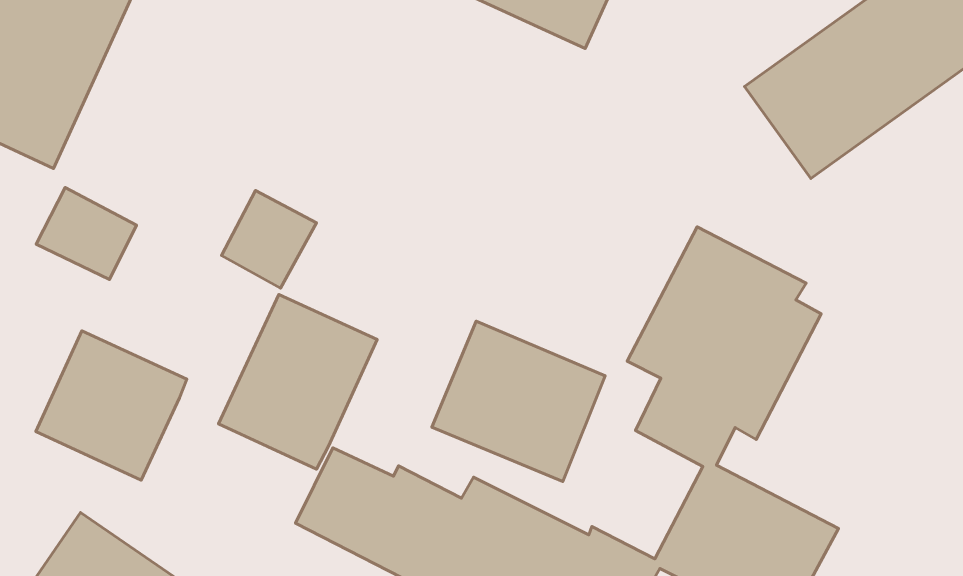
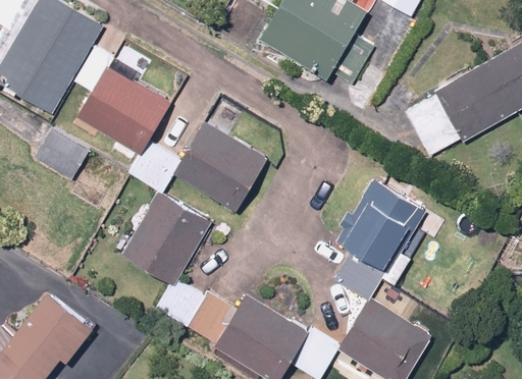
building: none -> [76,42,171,154]
building: [432,321,605,482] -> [175,122,266,208]
building: [36,331,187,480] -> none

